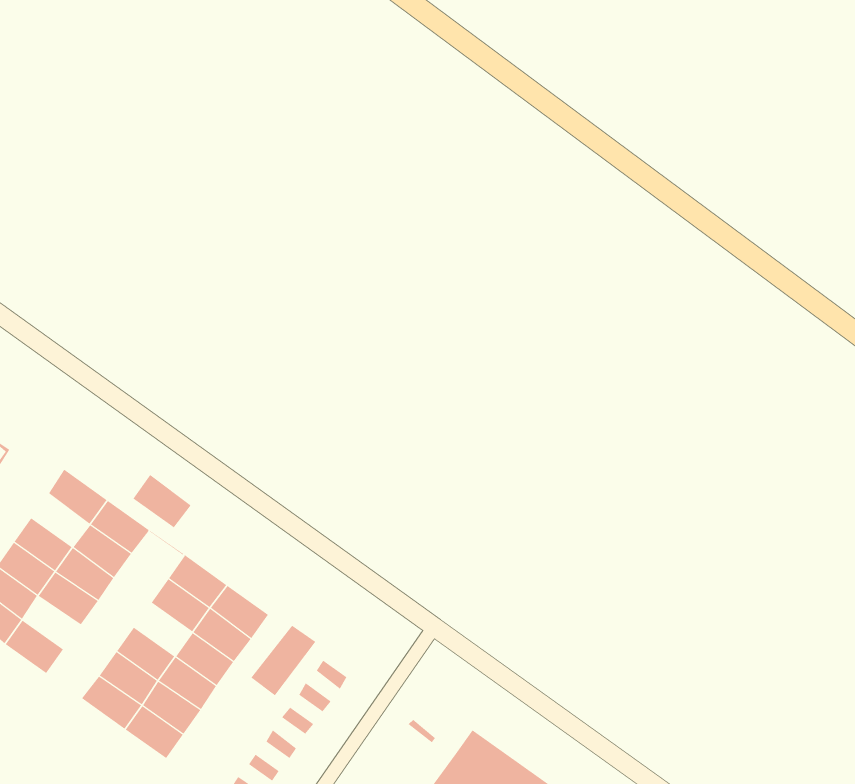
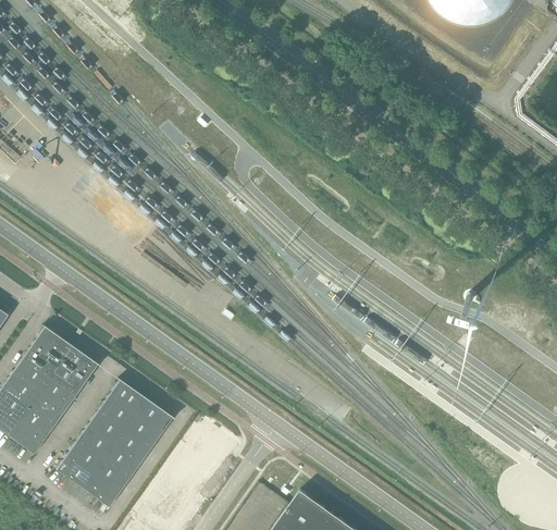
building: [132,474,191,528] -> [23,342,60,375]
building: none -> [17,406,54,440]
building: none -> [87,410,124,444]
building: [250,625,316,696] -> none

